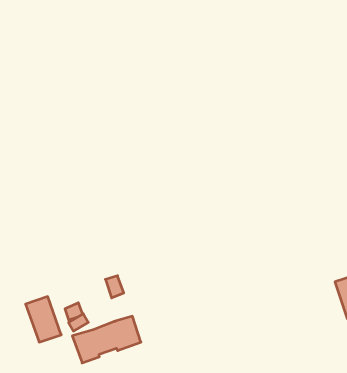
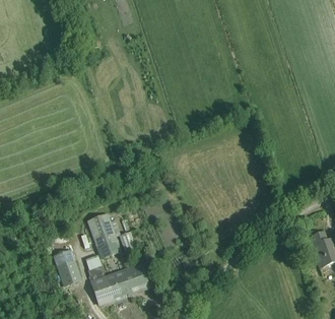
building: none -> [86,214,119,247]

